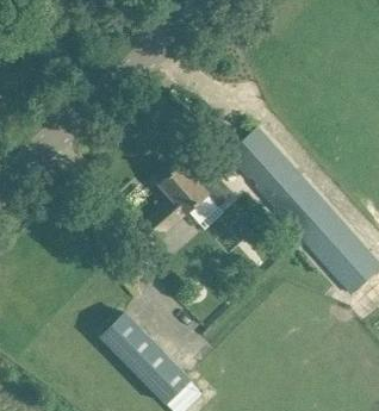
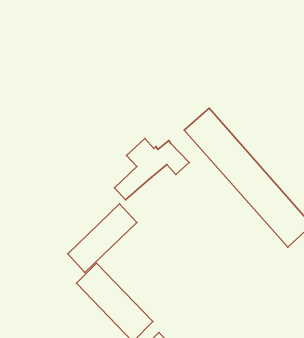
building: none -> [68,204,137,272]

